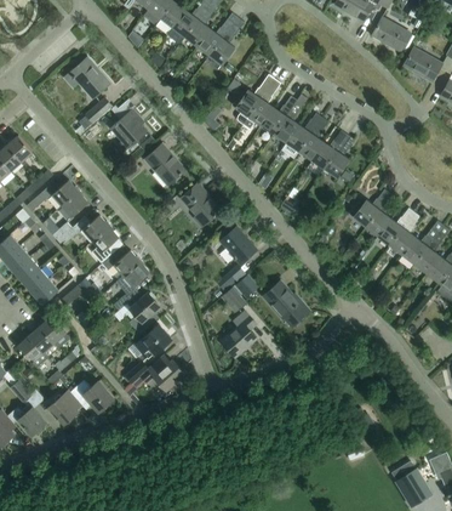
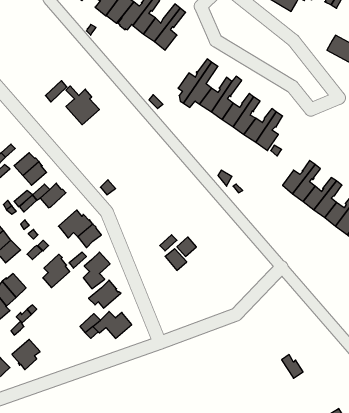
building: [371,18,413,52] -> none
building: [62,58,109,97] -> none
building: [143,142,185,184] -> none
building: [181,184,219,226] -> none
building: [91,225,121,262] -> [43,254,70,288]
building: [219,226,256,263] -> none
building: [262,280,309,325] -> none
building: [221,311,256,356] -> none
building: [69,379,113,410] -> none

